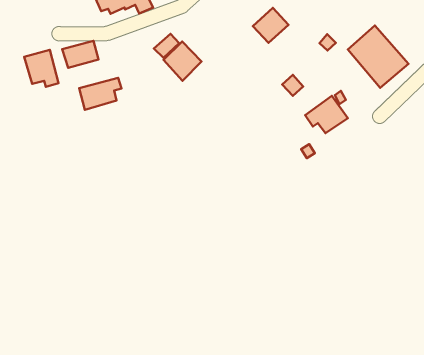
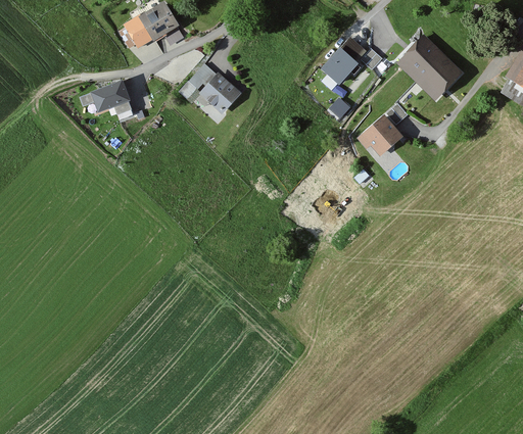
building: [253,8,288,43] -> [321,46,359,84]
building: [24,50,58,87] -> none
building: [79,78,121,110] -> none

